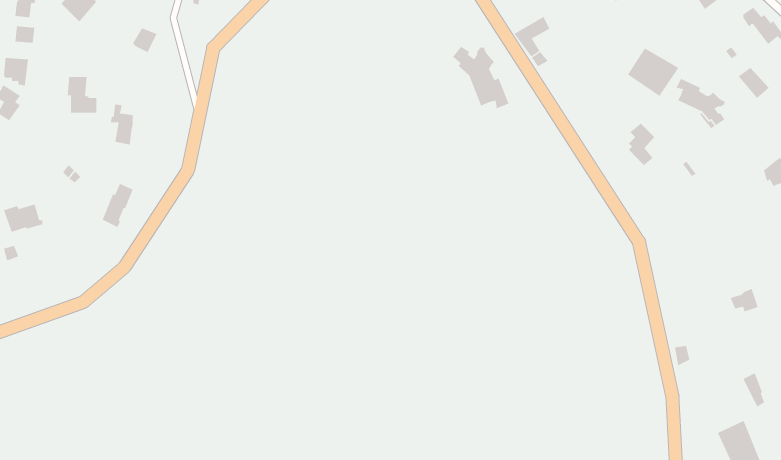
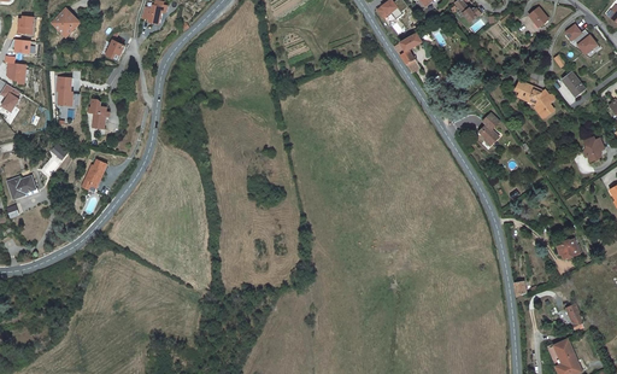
building: [452,46,509,109] -> none
building: [627,48,679,97] -> none

